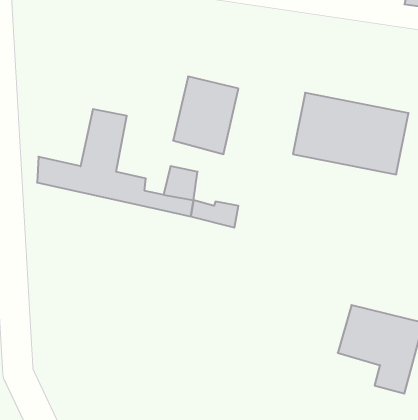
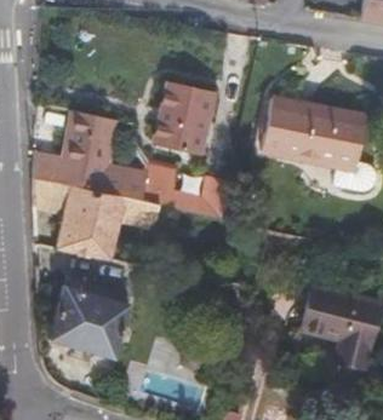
building: none -> [34,178,156,258]
building: none -> [53,277,127,353]

